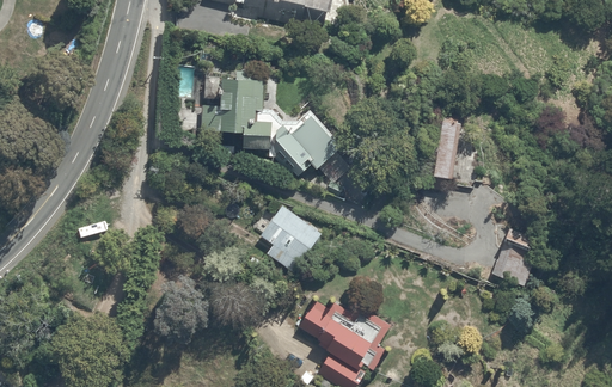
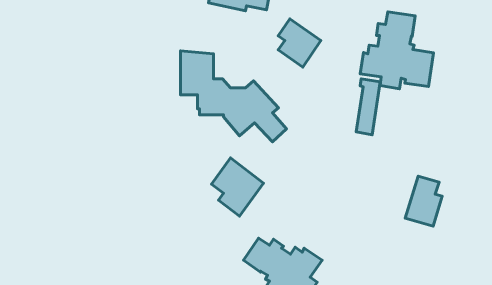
building: none -> [360,12,433,89]
building: none -> [278,19,321,67]

